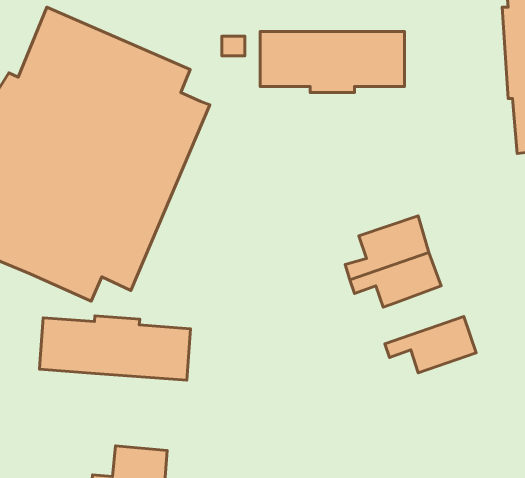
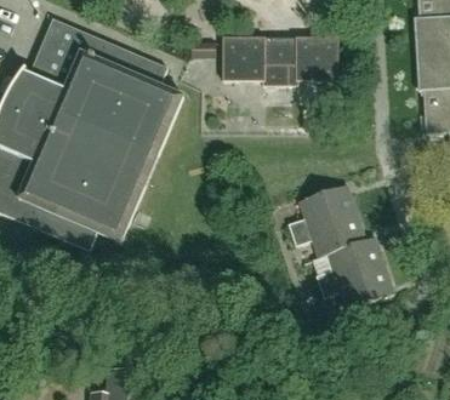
building: none -> [318,236,385,286]
building: [39,316,191,380] -> none

